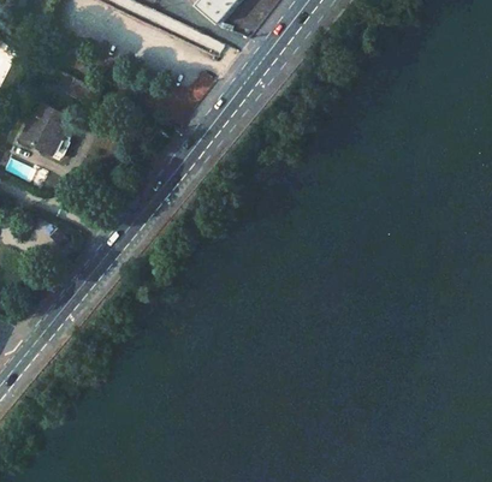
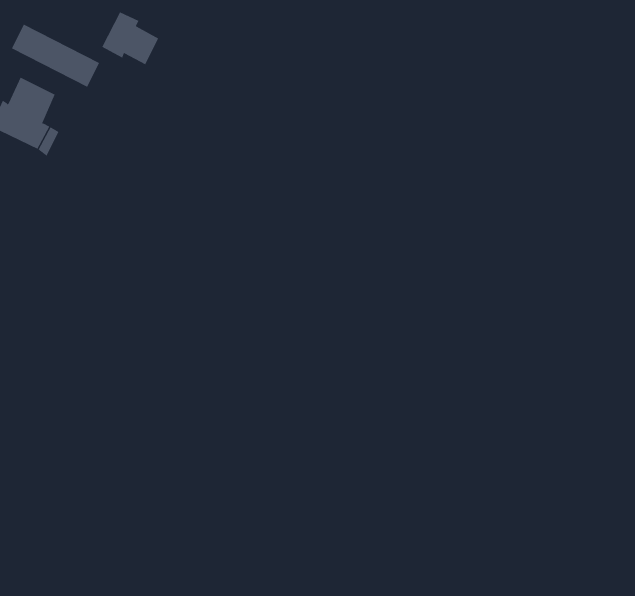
building: none -> [101,12,159,65]

